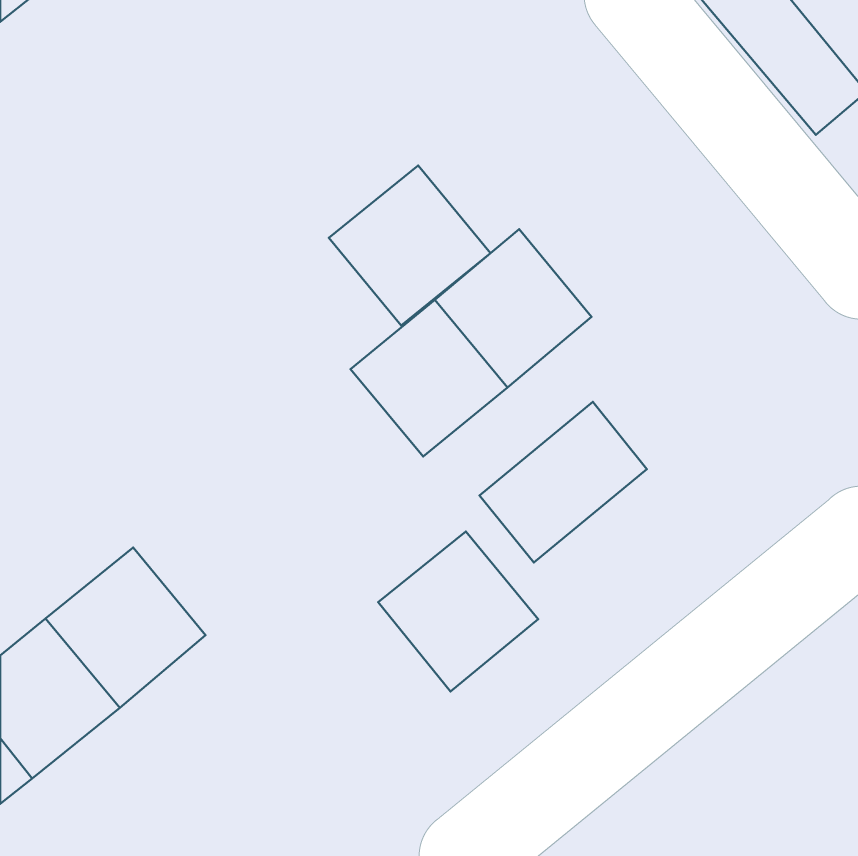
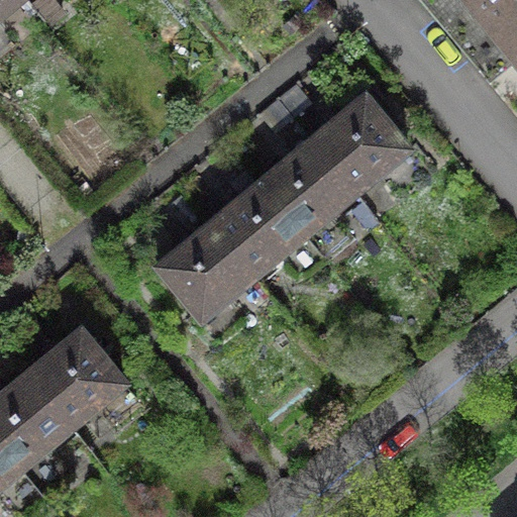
building: [329,165,491,326] -> [313,94,410,190]
building: [480,402,647,563] -> none
building: [378,532,538,692] -> [160,221,255,317]

